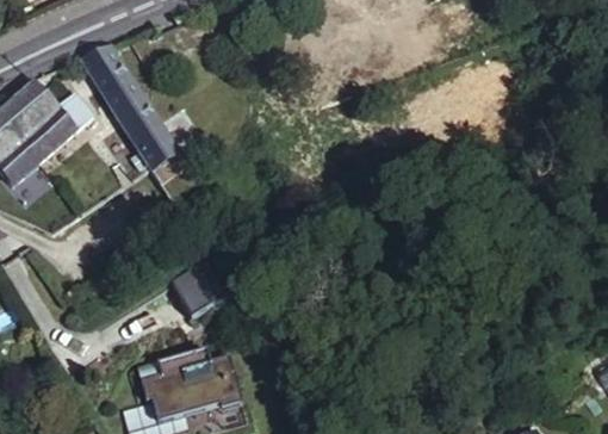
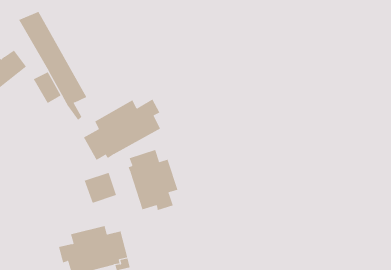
building: none -> [83,99,161,161]
building: none -> [128,149,178,211]

